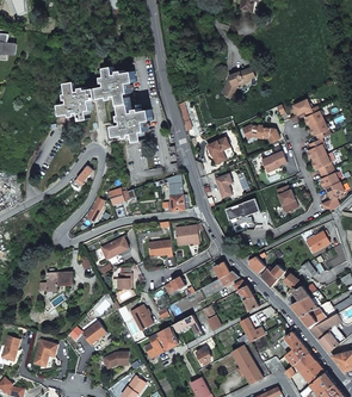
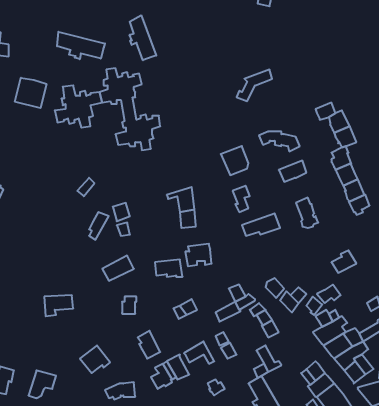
building: none -> [130,15,156,60]
building: none -> [57,32,105,59]
building: none -> [15,78,46,108]

